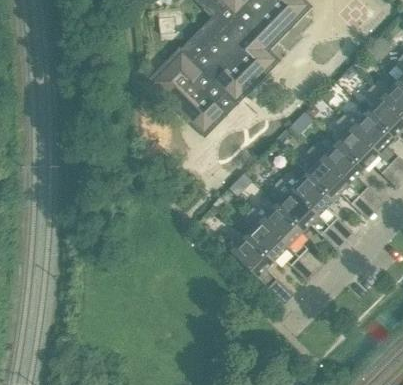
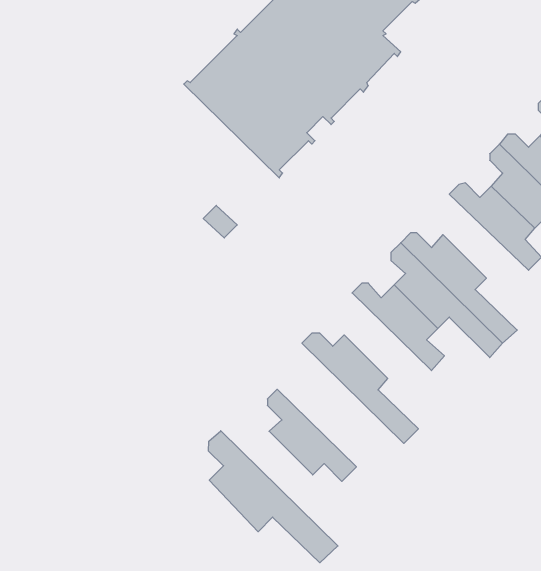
building: [305,147,360,203] -> none
building: [245,208,300,265] -> [267,389,356,481]
building: none -> [208,431,338,563]

